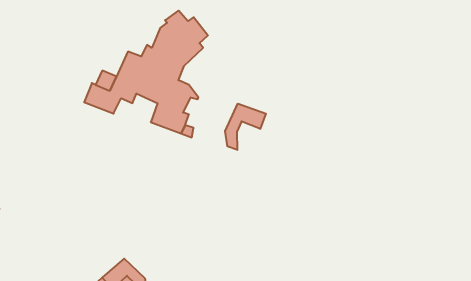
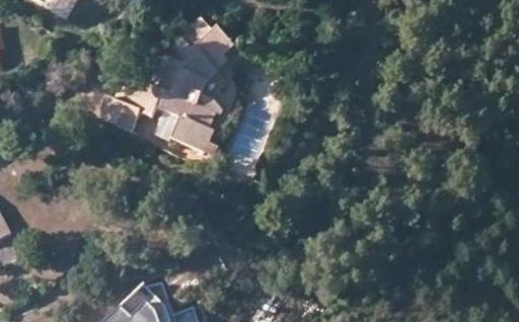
building: [225,104,266,150] -> none

